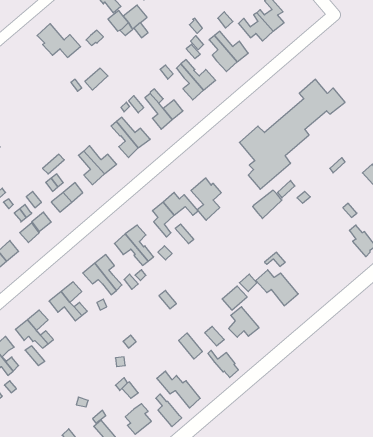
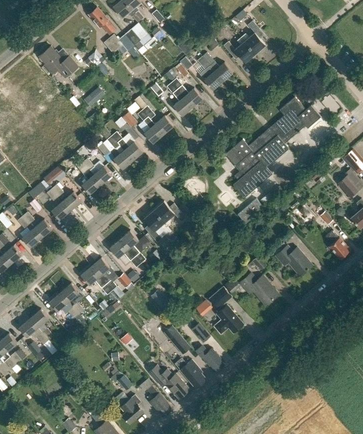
building: [191,178,221,220] -> none
building: none -> [275,245,312,275]
building: none -> [177,360,205,388]

